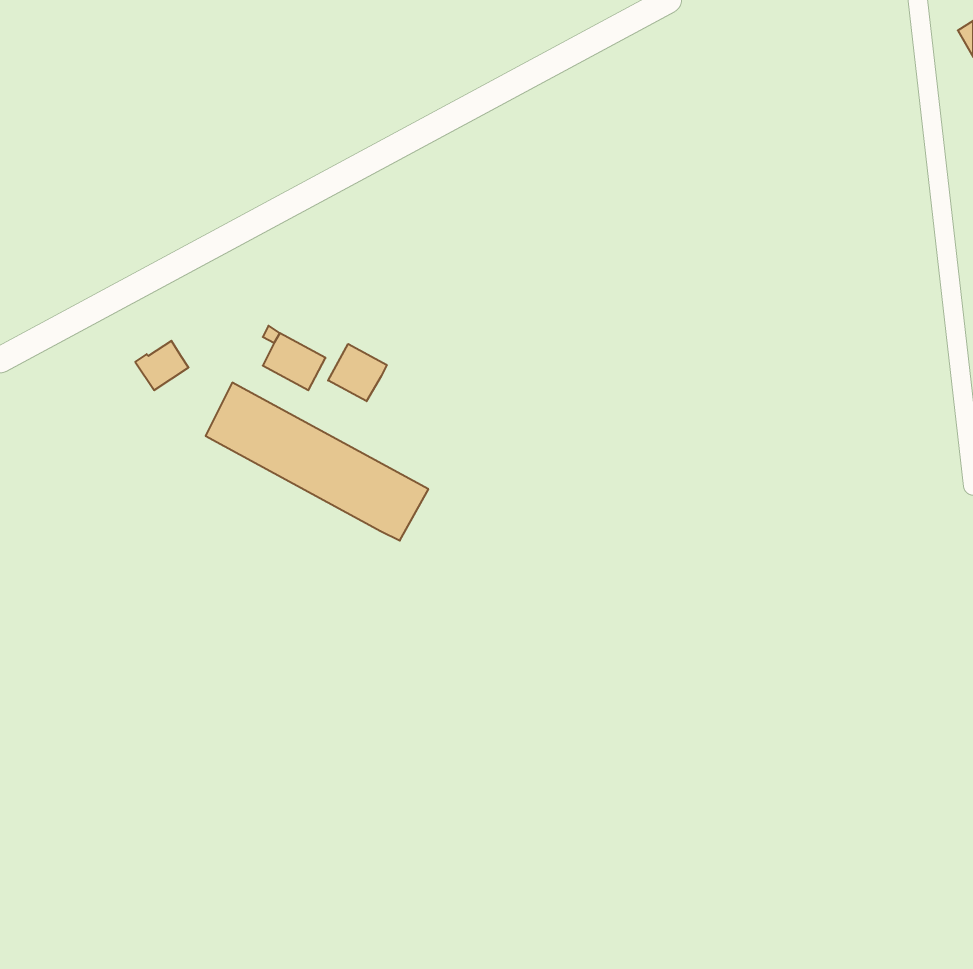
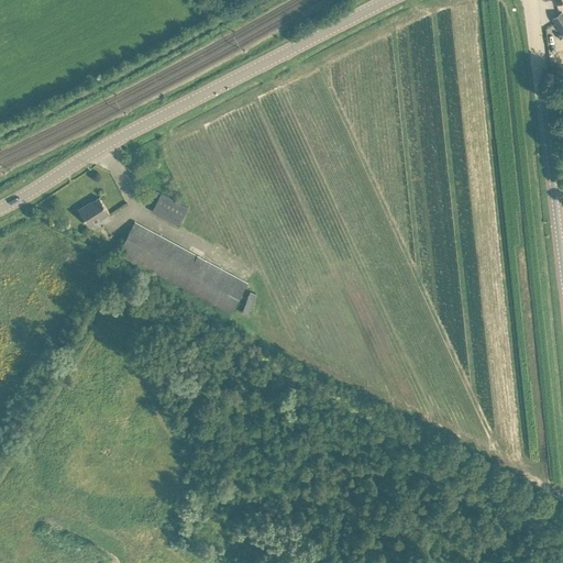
building: [328,344,387,401] -> none

